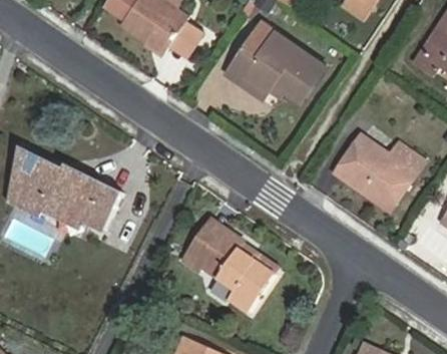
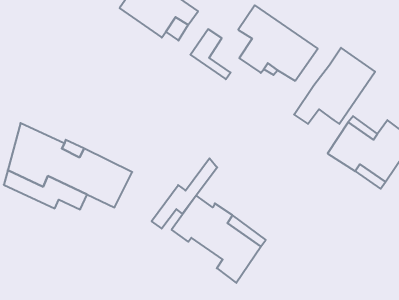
building: [226,49,267,100] -> [190,29,231,79]
building: none -> [294,48,375,124]
building: none -> [152,158,217,229]

